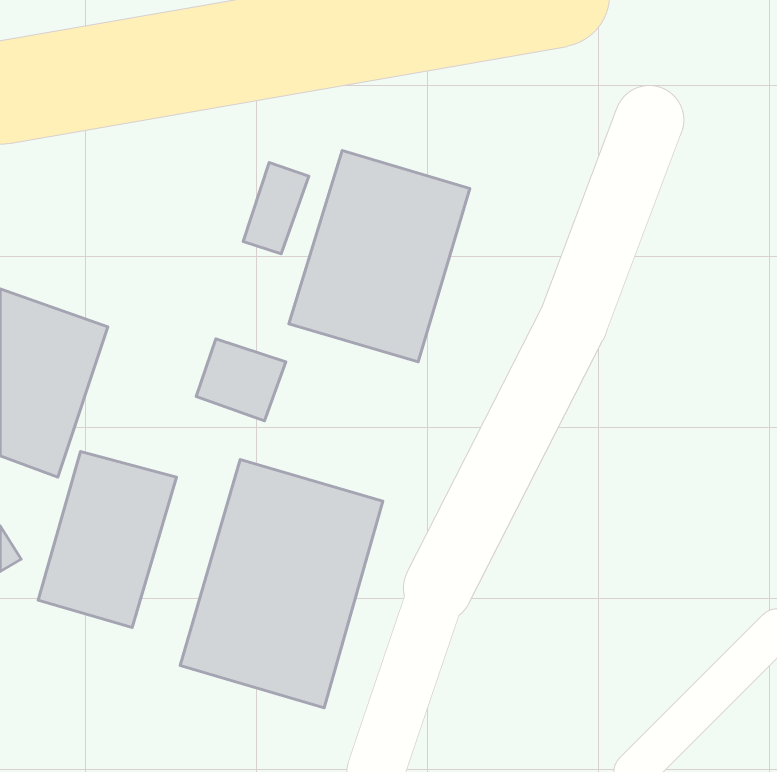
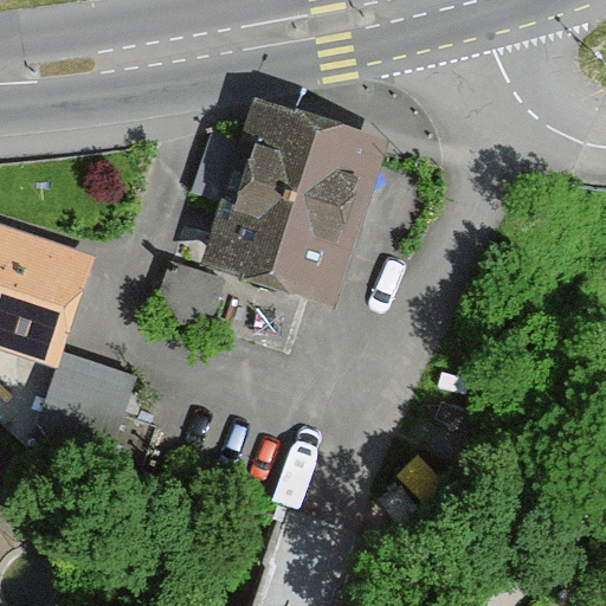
building: [180,460,383,708] -> none

